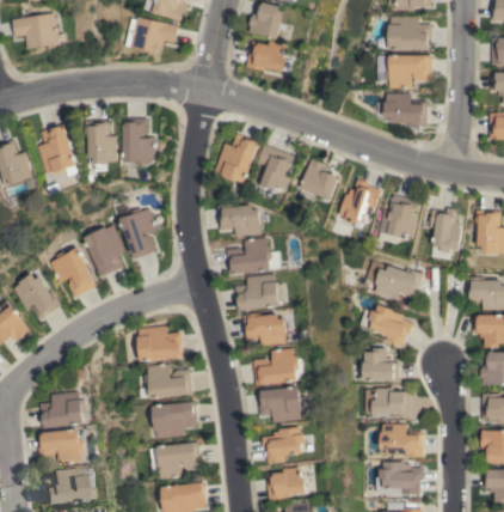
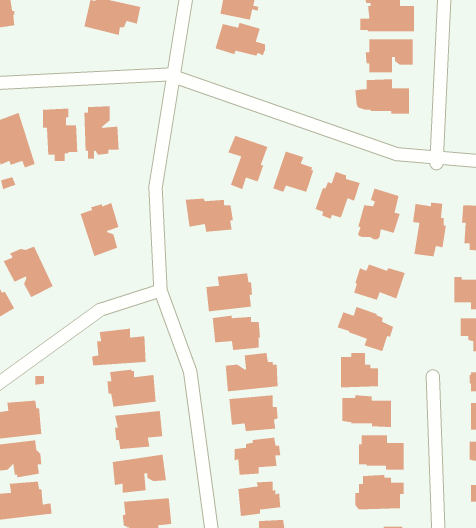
building: [214,133,260,182] -> none
building: [82,225,124,276] -> none
building: [227,237,283,274] -> none

